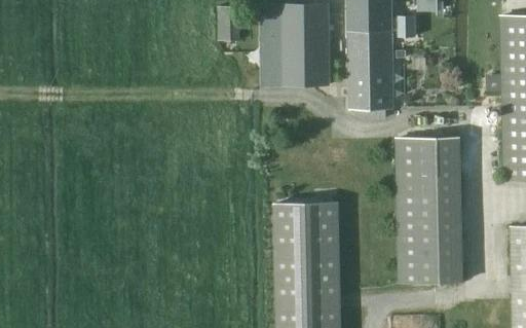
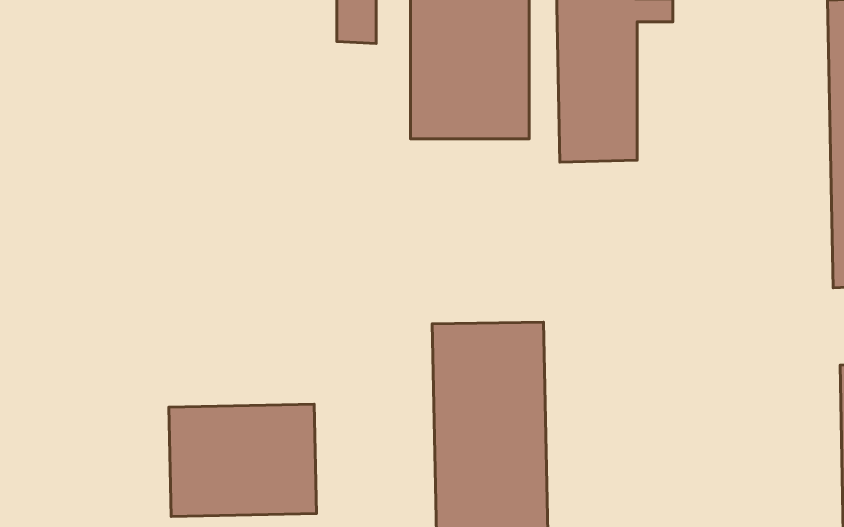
building: [397,137,462,283] -> none
building: none -> [169,404,316,517]

